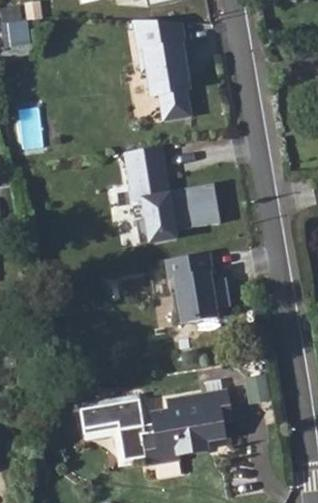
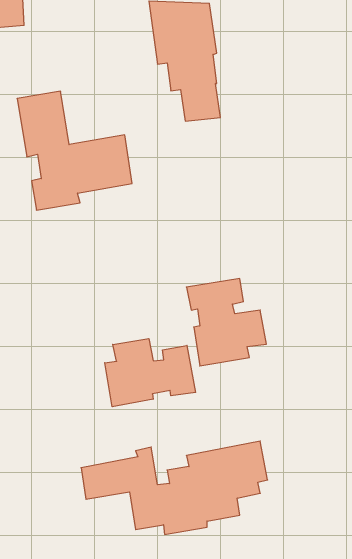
building: [124,146,219,244] -> [17,91,132,210]
building: none -> [105,339,196,407]

